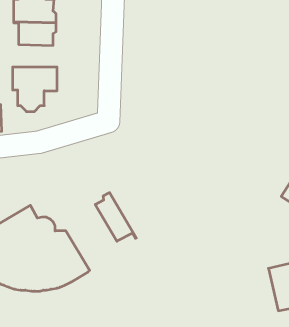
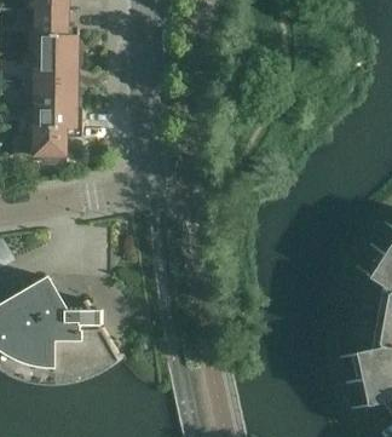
building: none -> [28,79,81,107]
building: [95,193,136,241] -> none

